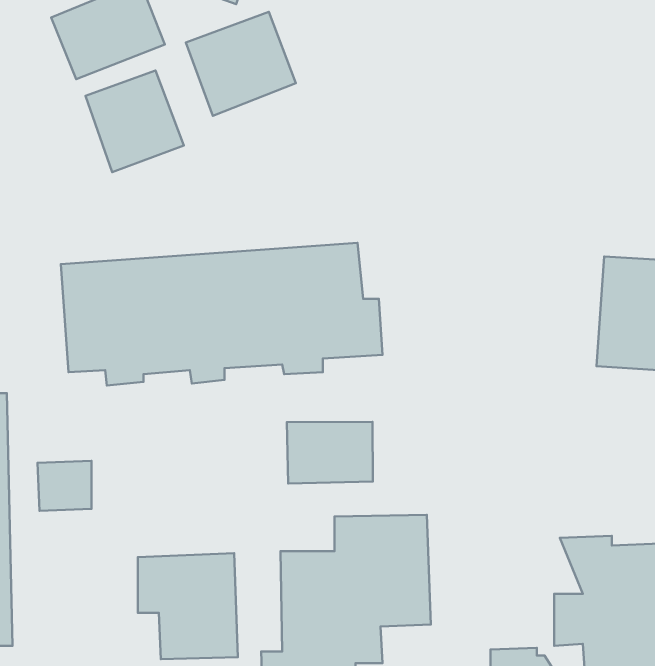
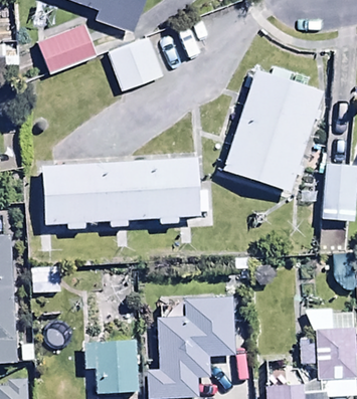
building: none -> [221,56,326,179]
building: [86,71,184,172] -> none
building: [287,422,373,483] -> none

